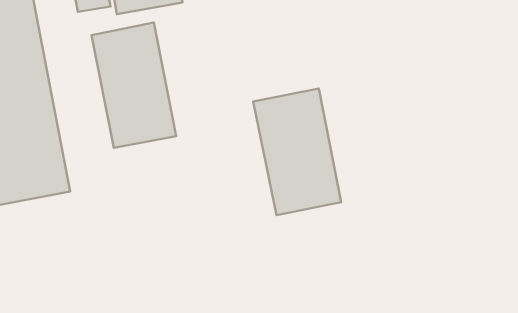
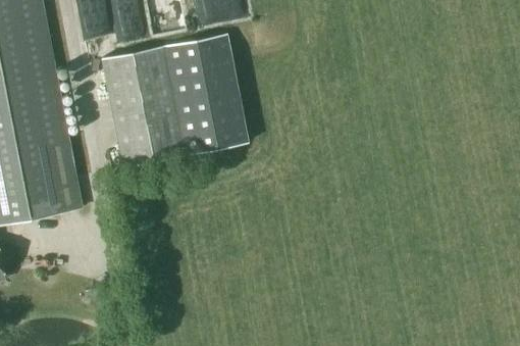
building: [253,89,341,215] -> [164,33,249,154]

